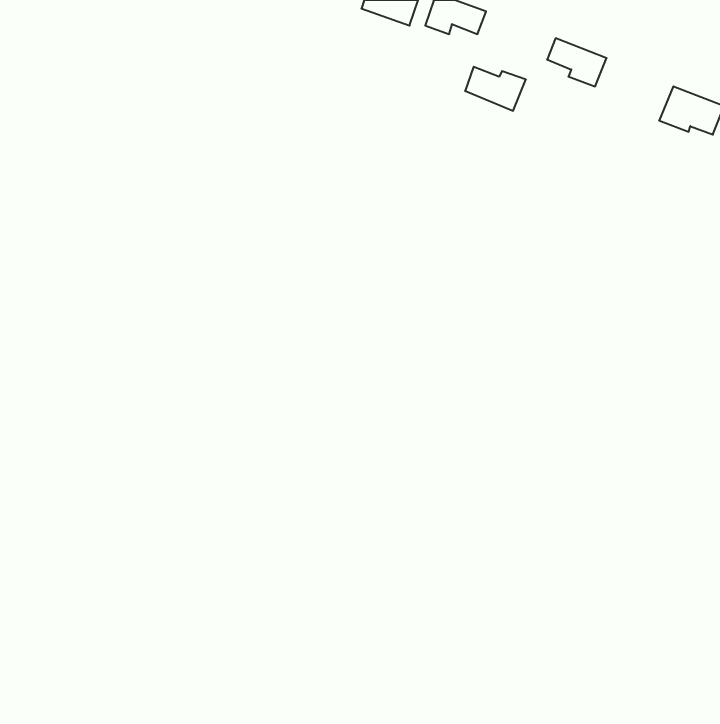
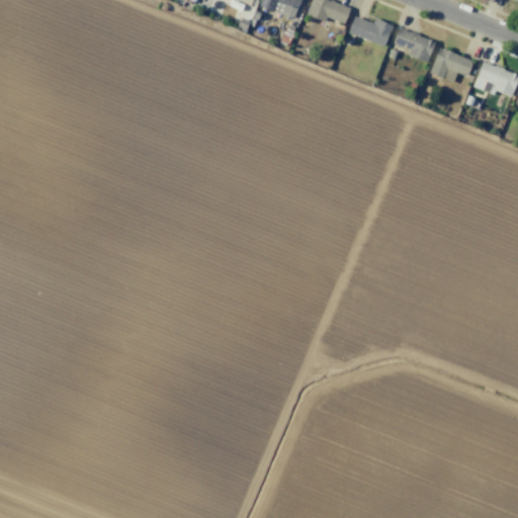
building: none -> [431,48,474,82]
building: [465,67,526,111] -> [349,15,393,47]

